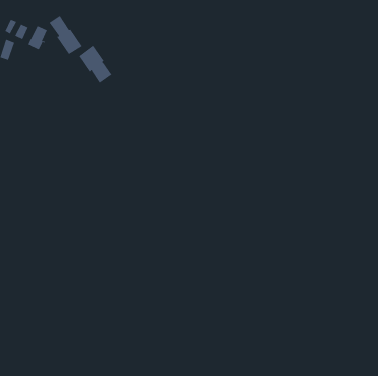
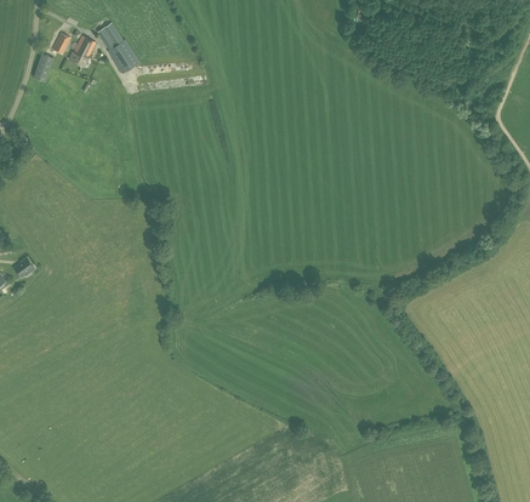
building: [79,45,112,83] -> none

